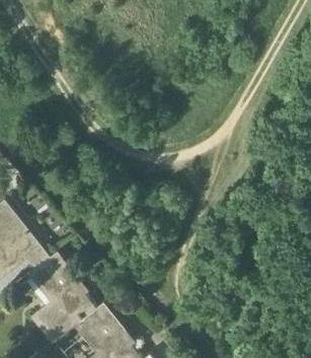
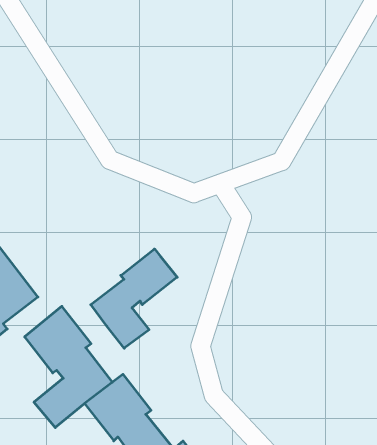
building: none -> [91,249,177,348]

